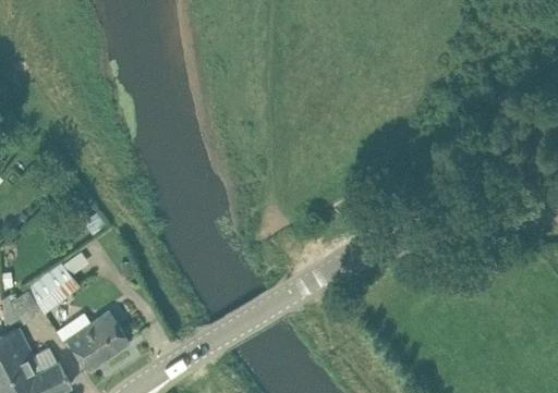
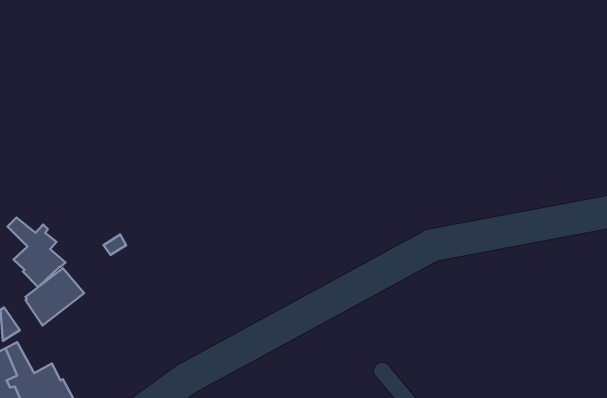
building: none -> [8,218,65,287]
building: [64,312,129,372] -> none

